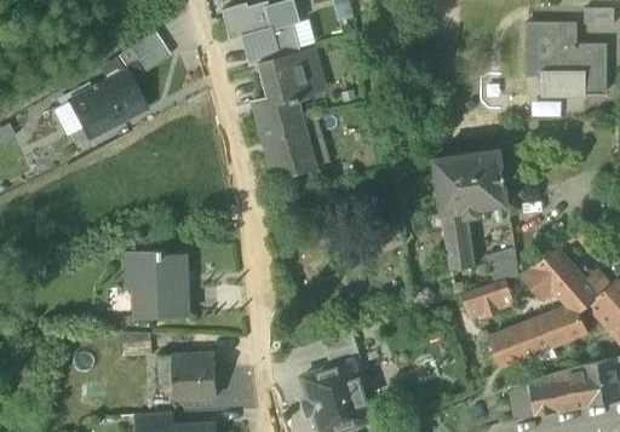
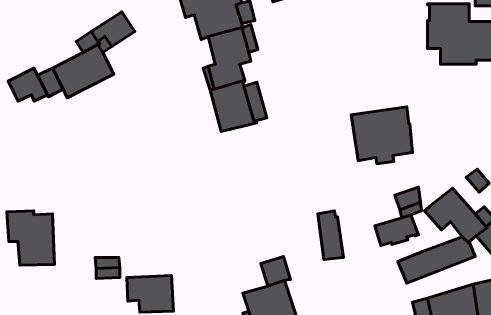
building: none -> [8,68,47,101]
building: [442,211,473,270] -> [318,211,344,260]
building: [128,252,186,318] -> [7,211,55,265]

